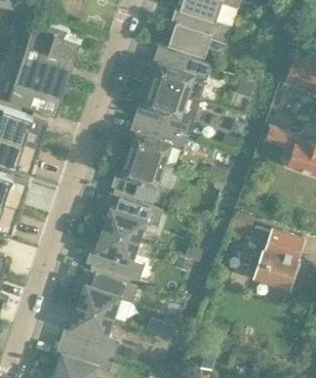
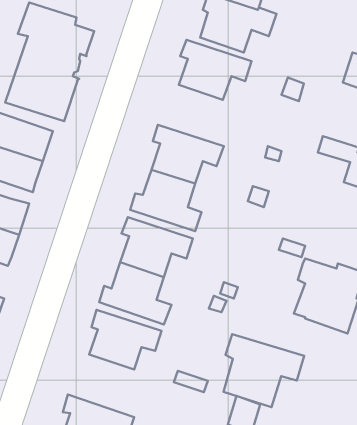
building: [132,86,192,136] -> none
building: none -> [224,334,304,407]
building: [58,307,118,359] -> none

